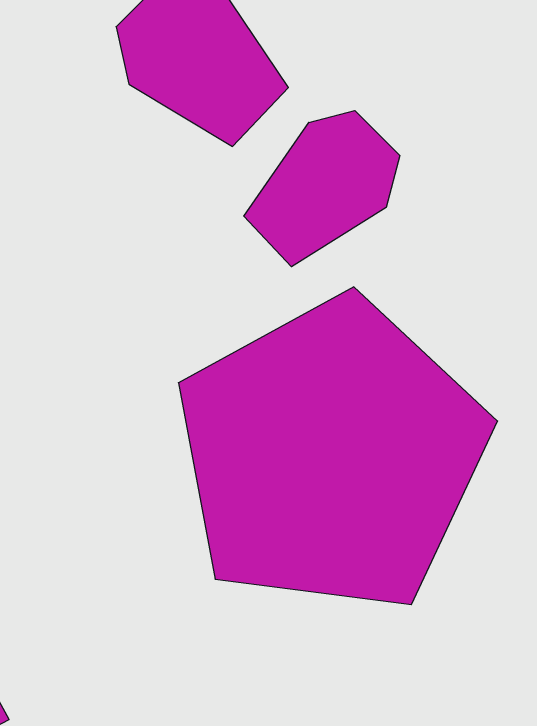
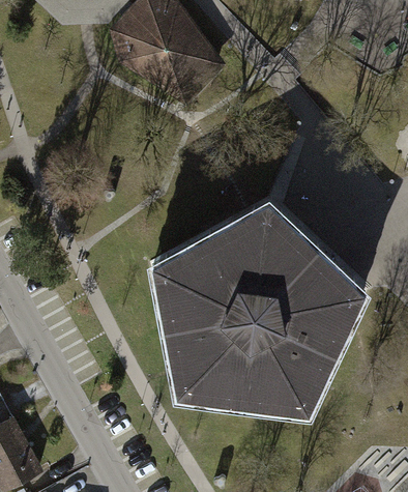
building: [244,111,400,267] -> none

